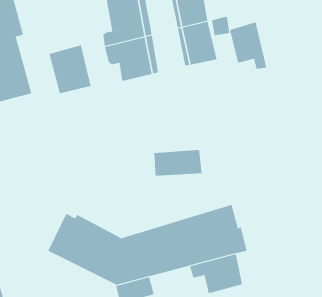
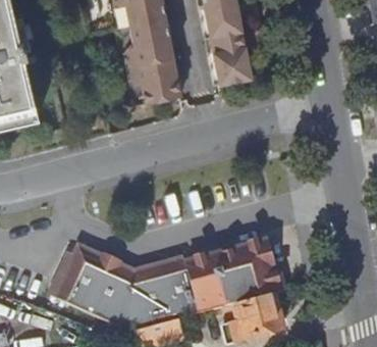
building: [230,21,267,70] -> none
building: [49,44,91,94] -> none
building: [154,149,202,177] -> none

